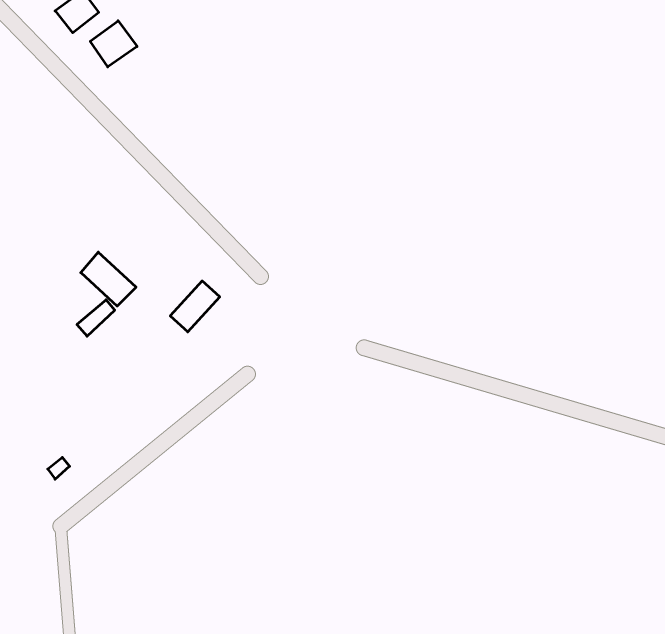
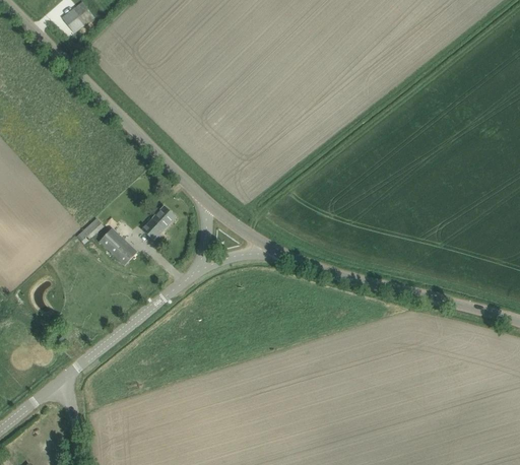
building: [90,21,137,67] -> none
building: [81,252,136,306] -> [99,227,137,265]

